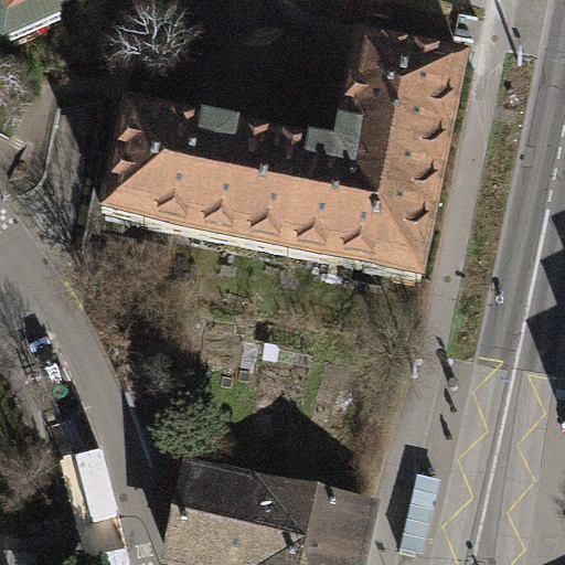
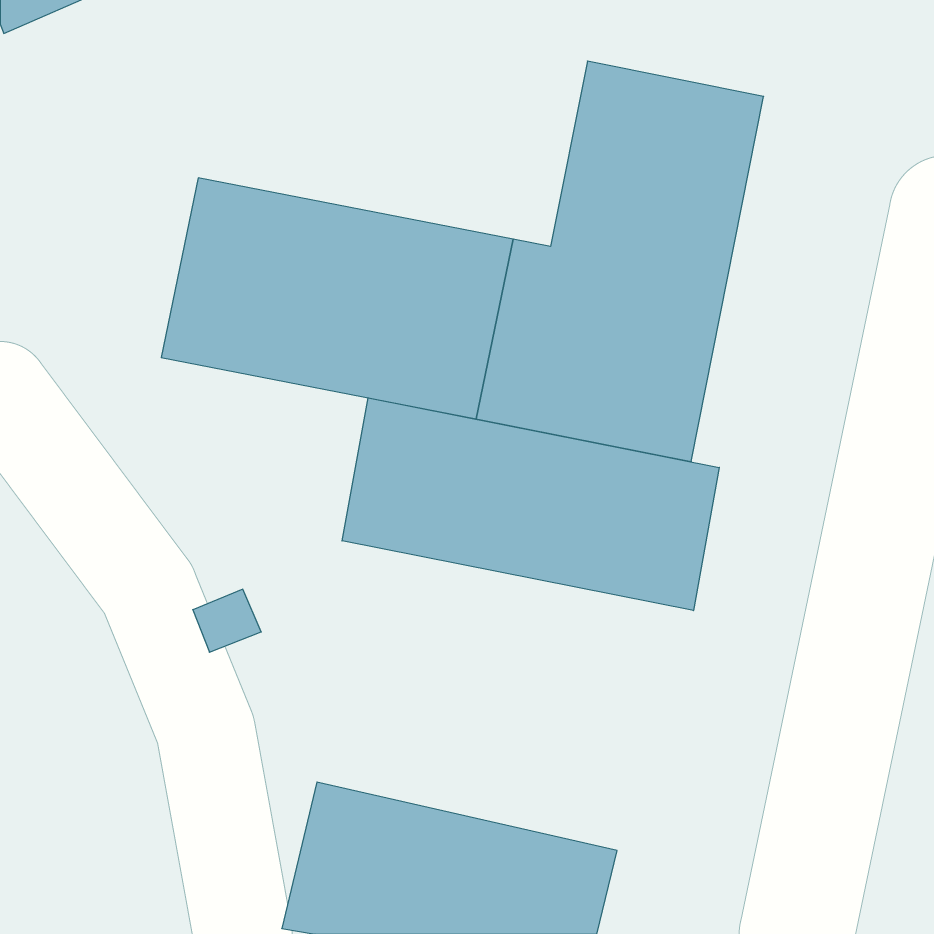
building: none -> [342,398,719,611]

